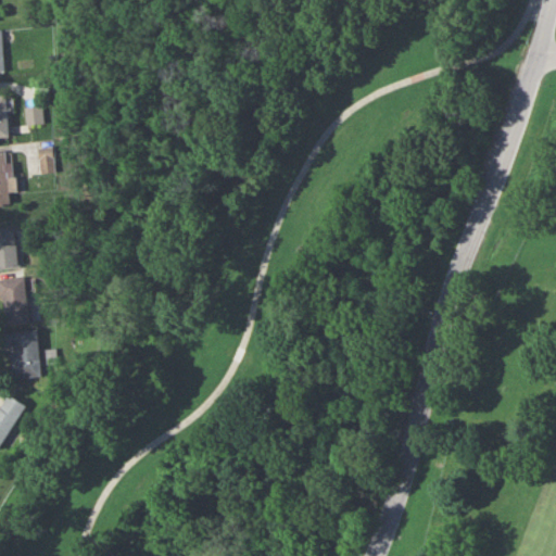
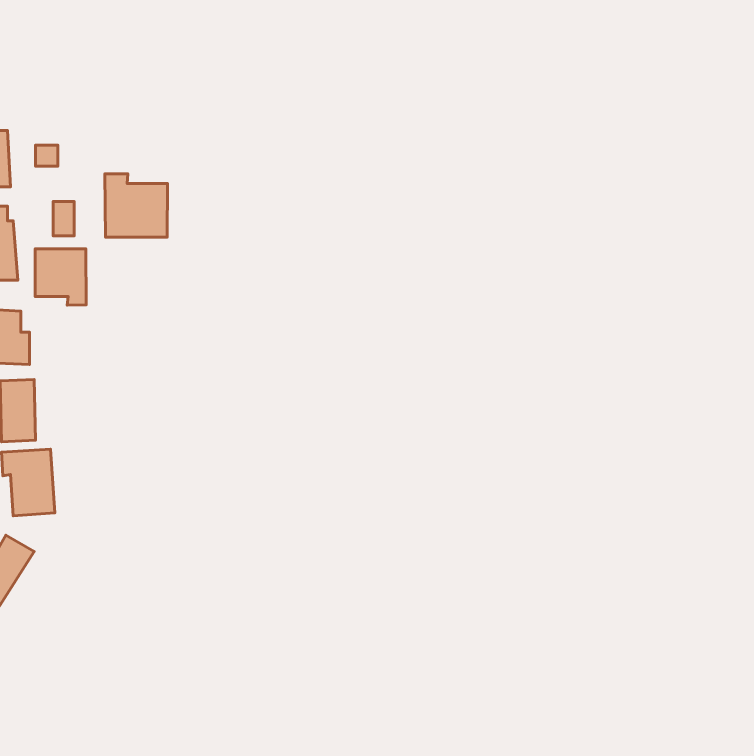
building: none -> [105,174,167,237]
building: none -> [35,249,86,305]

